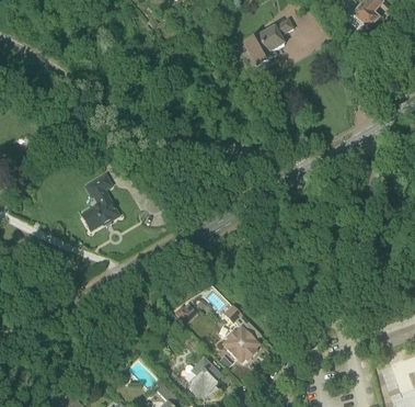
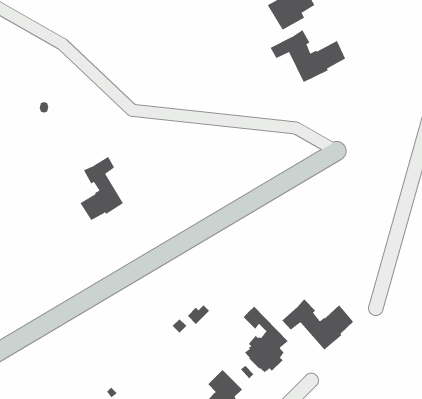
building: none -> [270,29,346,83]
building: none -> [281,298,354,350]

